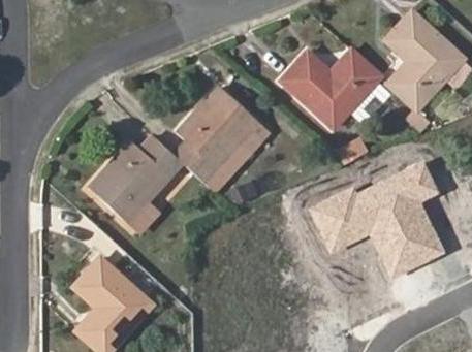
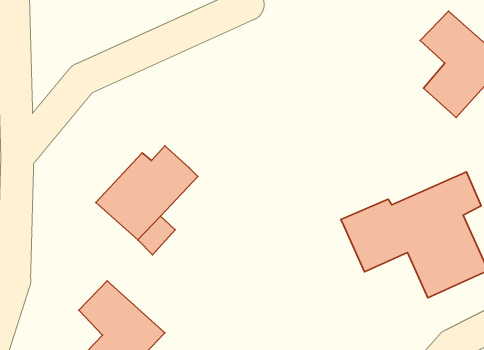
building: [280,50,390,127] -> none
building: [174,86,269,195] -> none

